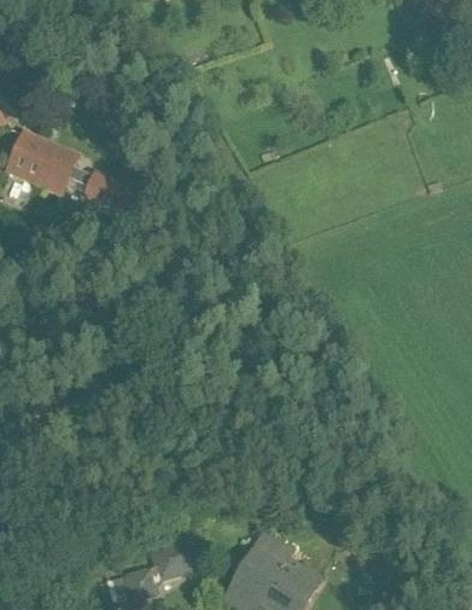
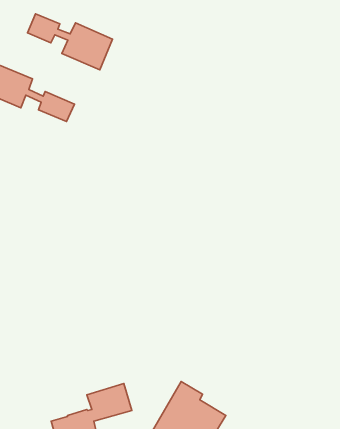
building: none -> [28,14,112,70]

